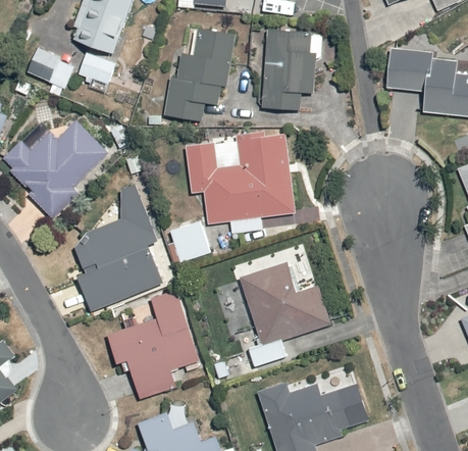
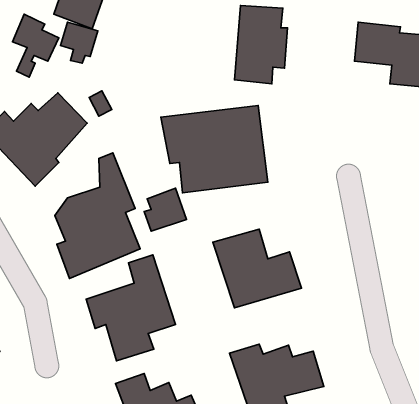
building: [163,29,236,121] -> none

